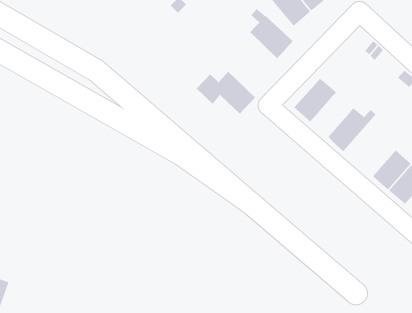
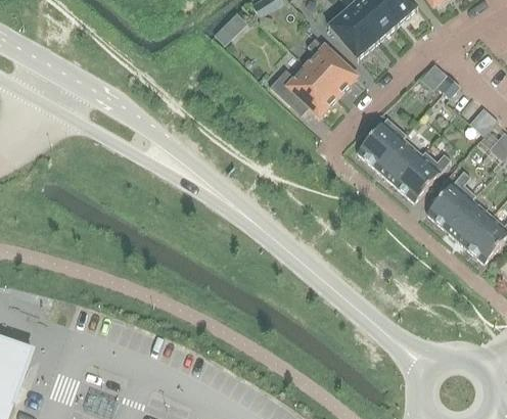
building: [196,71,256,115] -> [269,64,337,114]
building: none -> [375,137,421,184]
building: none -> [426,170,475,229]

